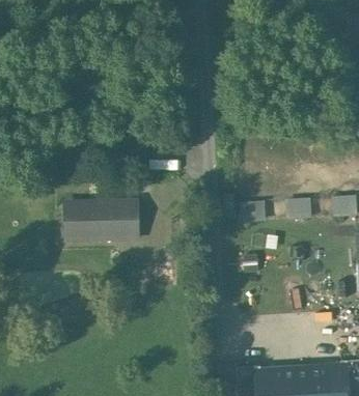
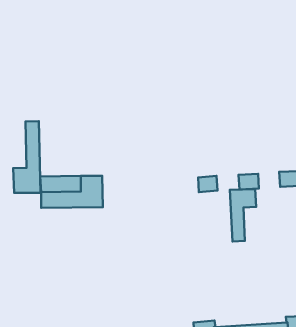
building: none -> [13,121,41,193]
building: none -> [230,189,256,242]

